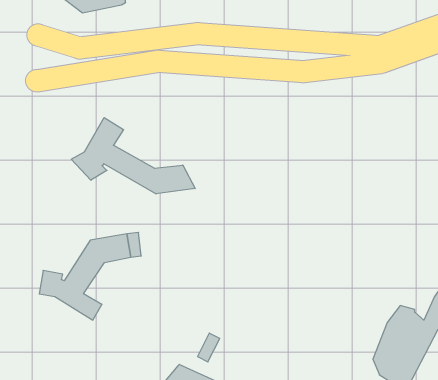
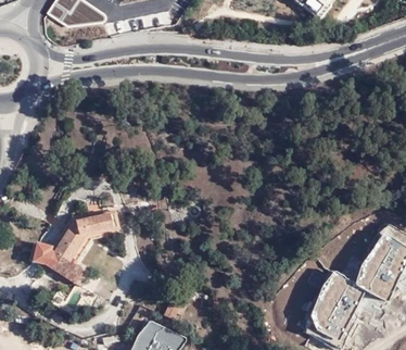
building: [71,118,195,194] -> none

